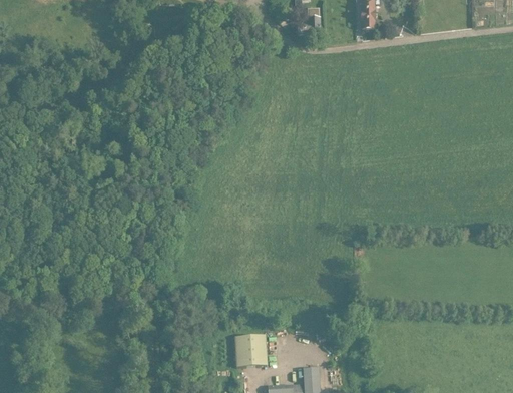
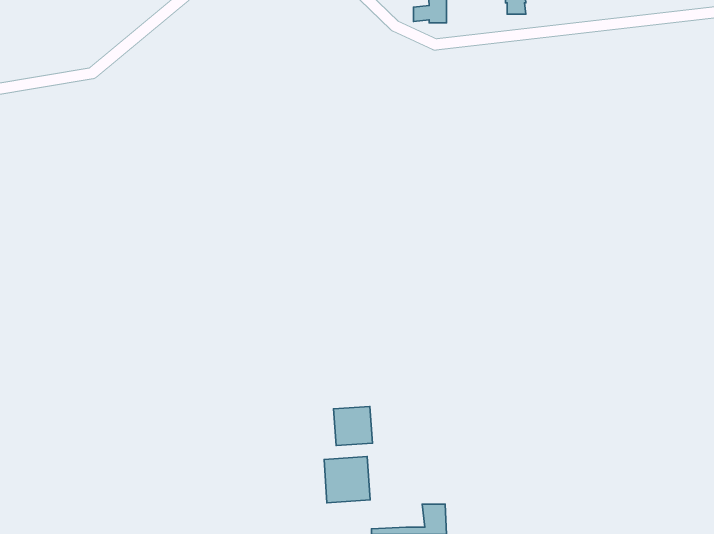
building: none -> [334,406,372,446]

